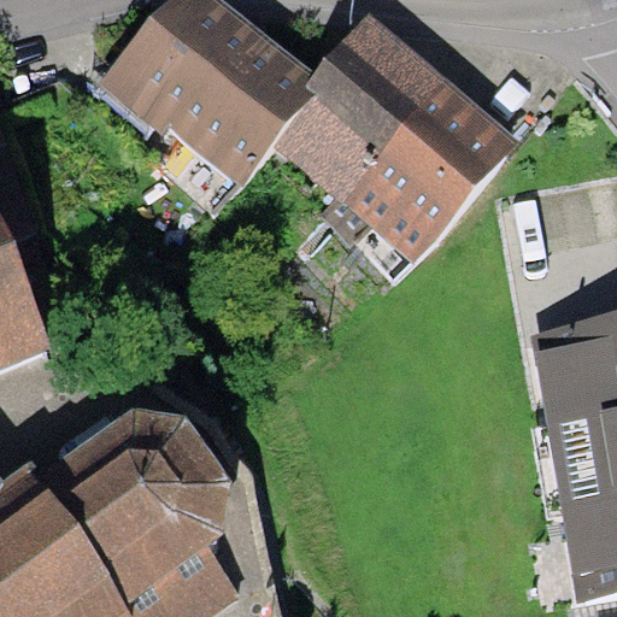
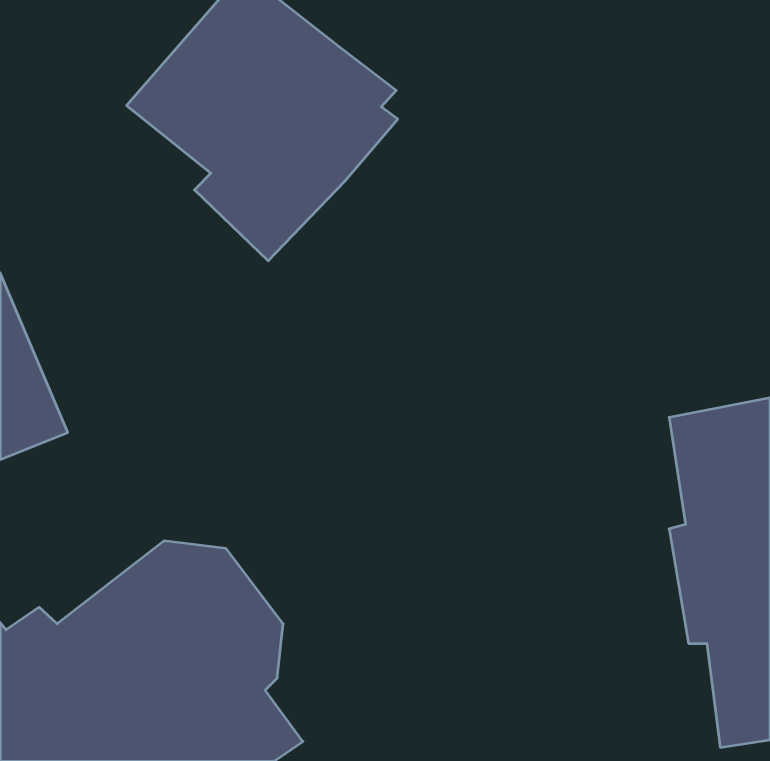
building: [276,20,511,272] -> none

